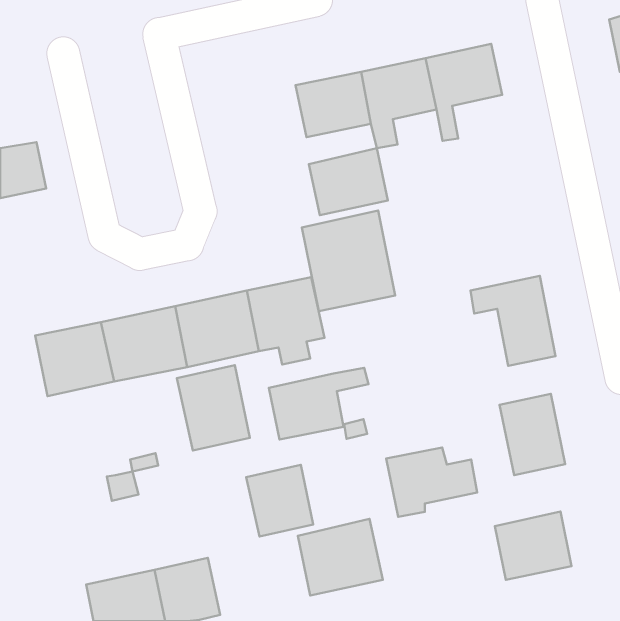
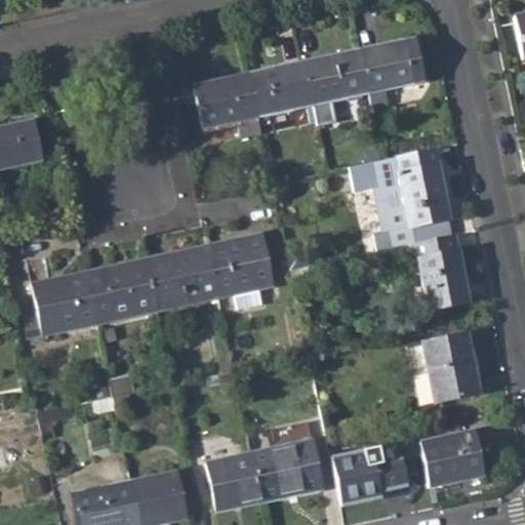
building: [309,148,388,215] -> [193,72,259,128]
building: [302,210,395,311] -> [372,150,451,235]
building: [177,365,250,450] -> none
building: [269,368,368,440] -> none
building: [386,447,477,517] -> [329,449,406,508]
building: [246,465,313,537] -> [206,452,262,513]

